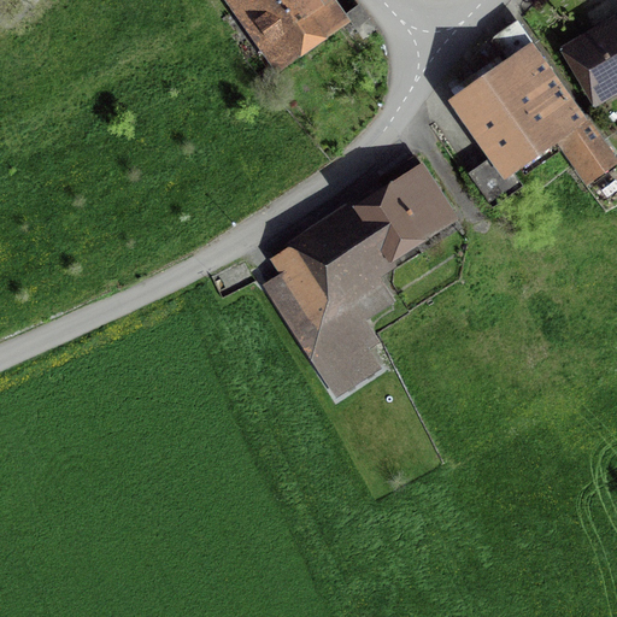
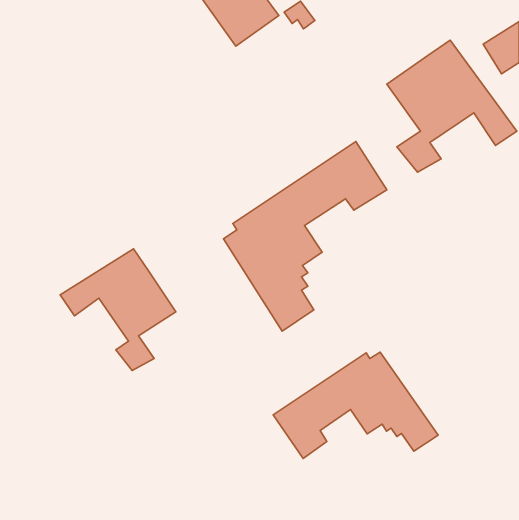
building: none -> [60,249,176,371]
building: none -> [273,352,438,459]

